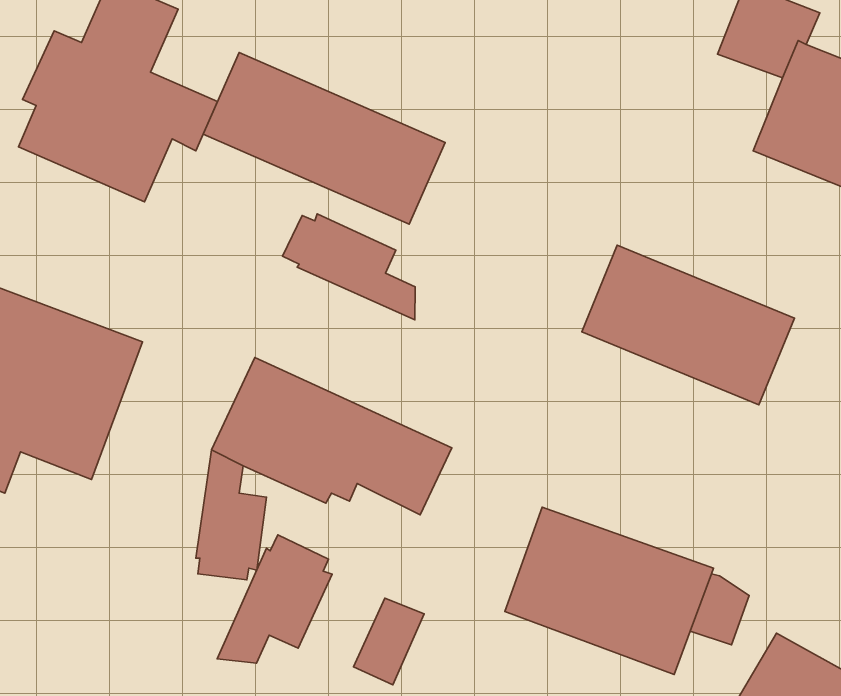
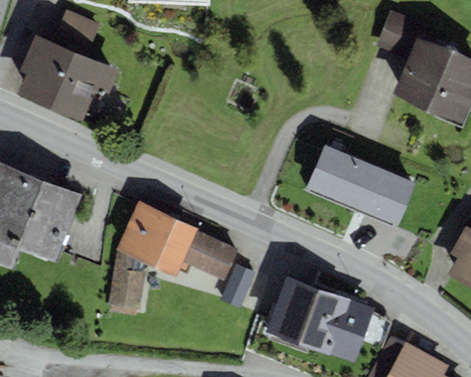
building: [203,52,445,224] -> none
building: [282,214,415,320] -> none
building: [217,535,332,663] -> none
building: [353,598,424,685] -> [219,264,256,309]

